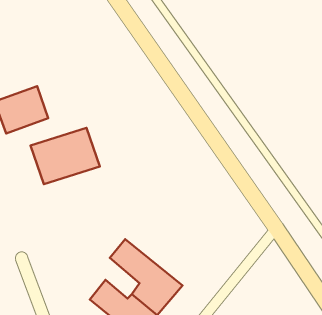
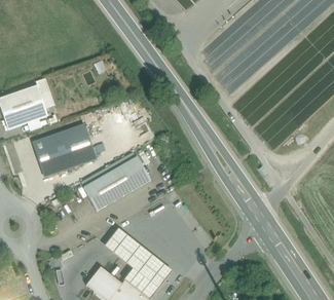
building: none -> [83,155,150,210]

